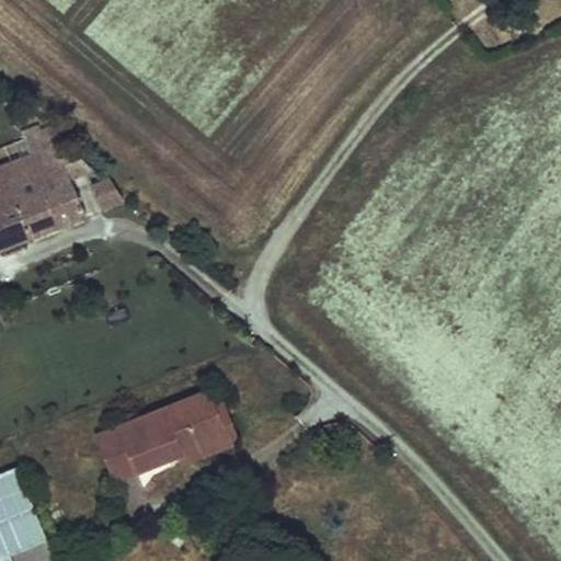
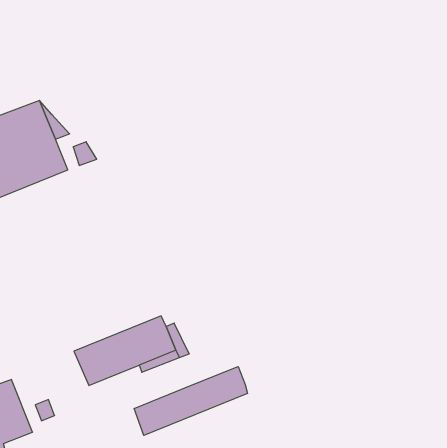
building: none -> [134,367,248,435]

